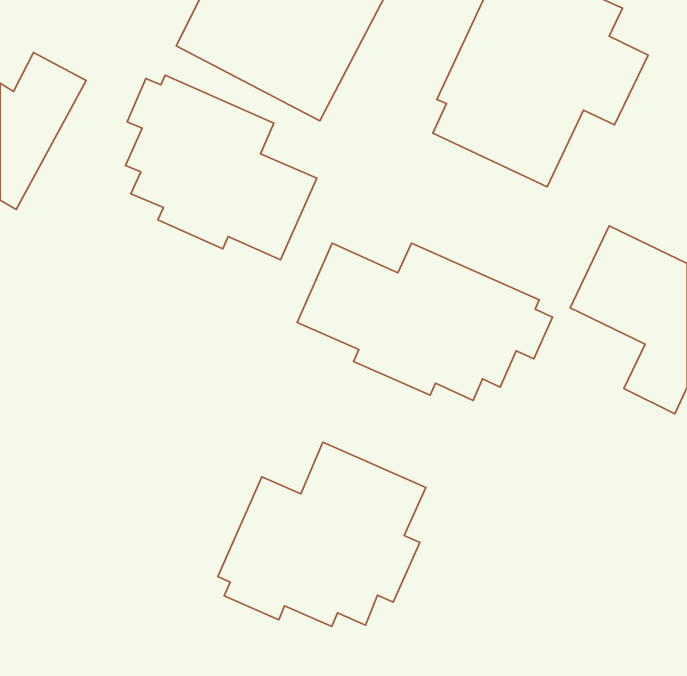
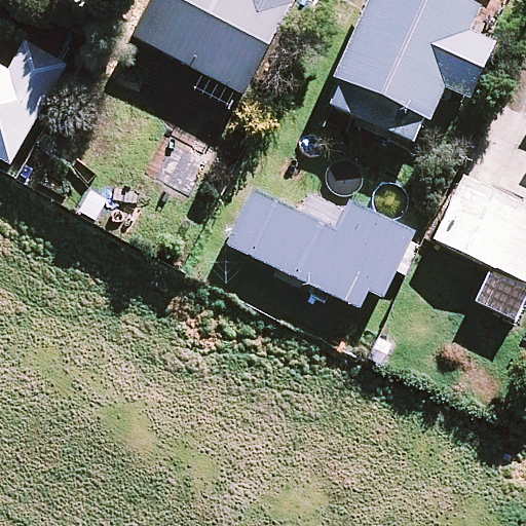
building: [126,75,317,260] -> none
building: [218,442,426,627] -> none

